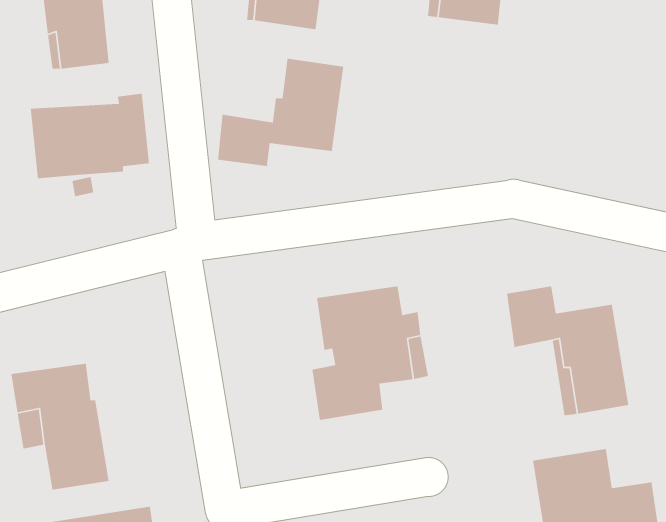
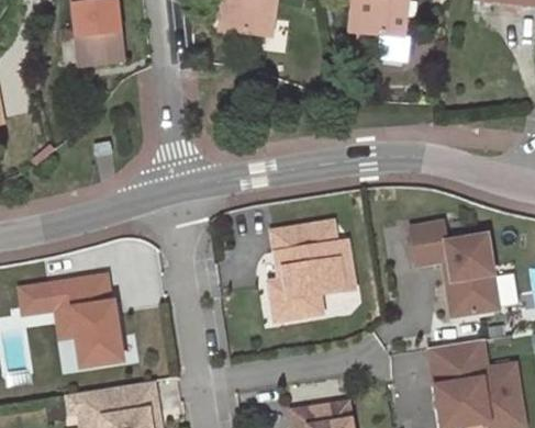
building: [217,58,344,167] -> none
building: [30,93,150,179] -> none

